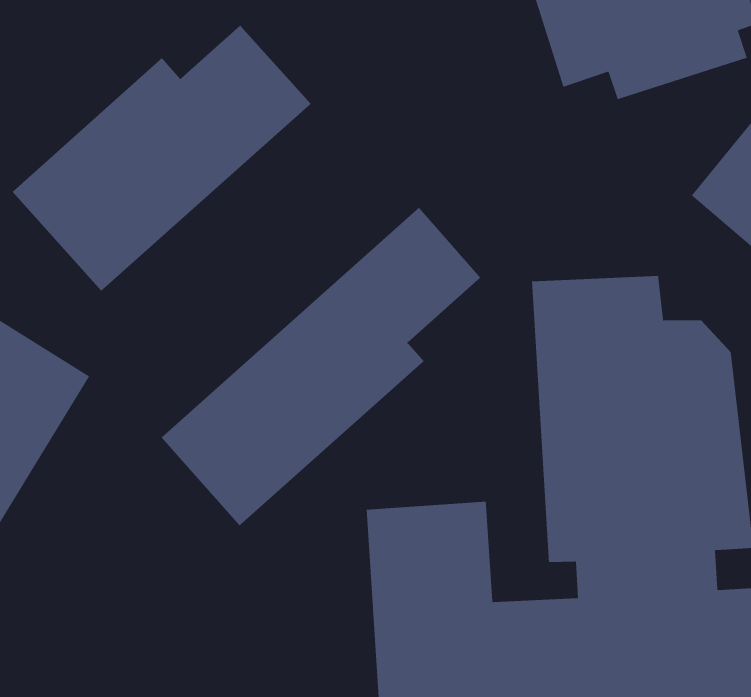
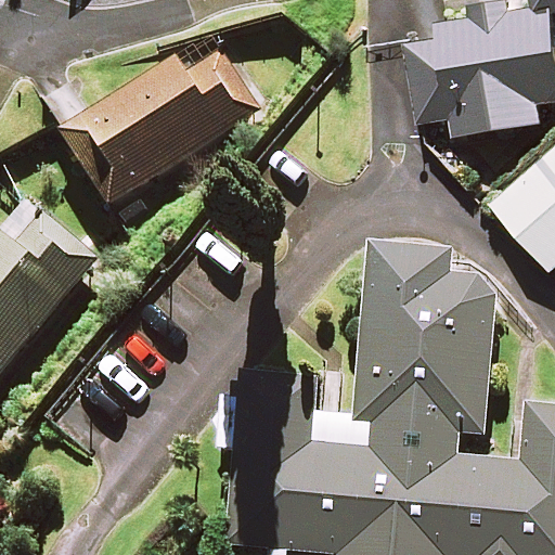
building: [161,207,481,526] -> none

